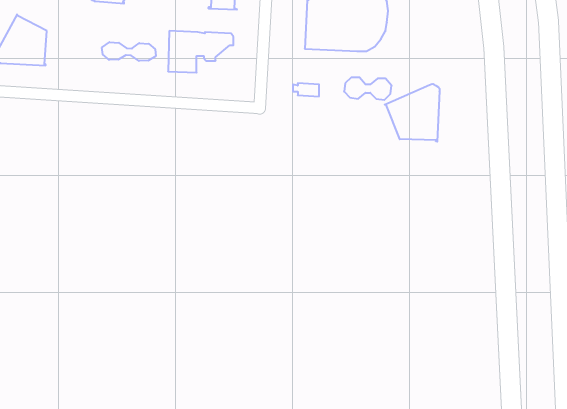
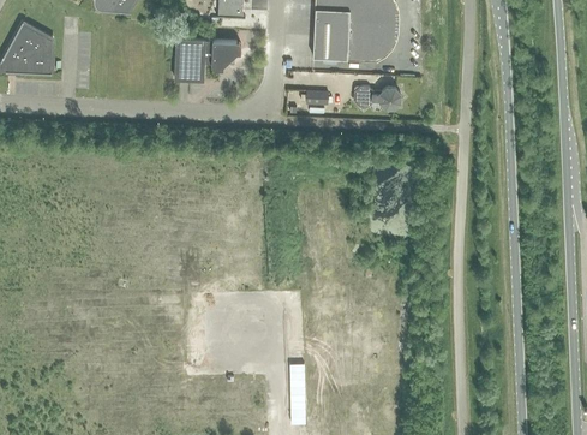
building: [102,42,156,61] -> none
building: [385,84,440,142] -> none

